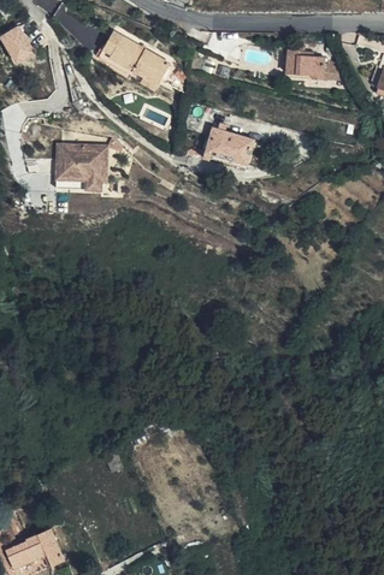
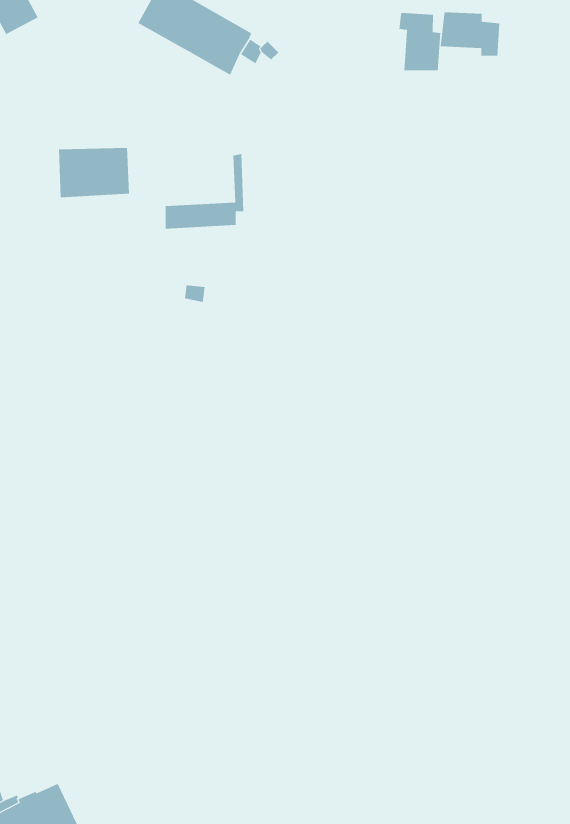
building: none -> [399,12,441,71]
building: [206,129,253,164] -> none
building: [51,135,100,182] -> [165,154,244,229]

